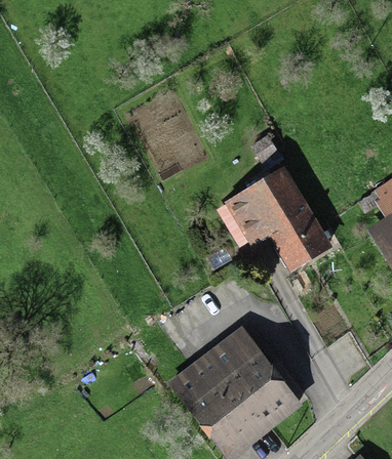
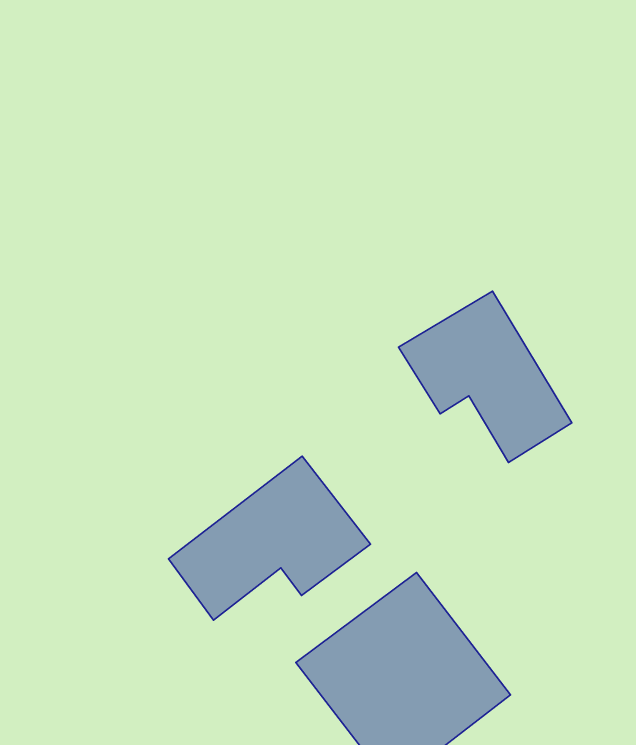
building: none -> [168,456,371,620]

